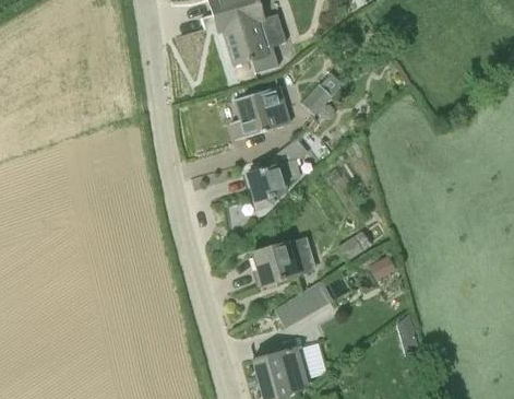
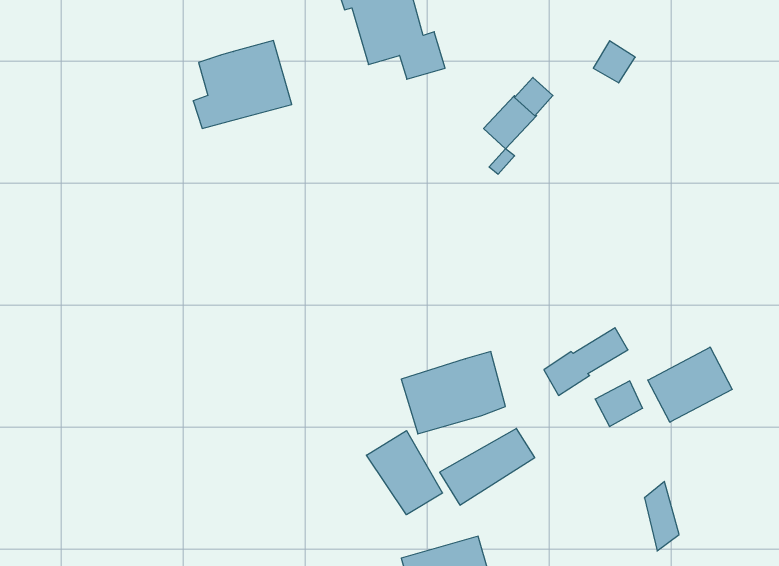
building: [231,86,290,139] -> [193,41,292,128]
building: [247,137,308,208] -> none
building: none -> [648,347,732,422]
building: none -> [366,431,443,515]

